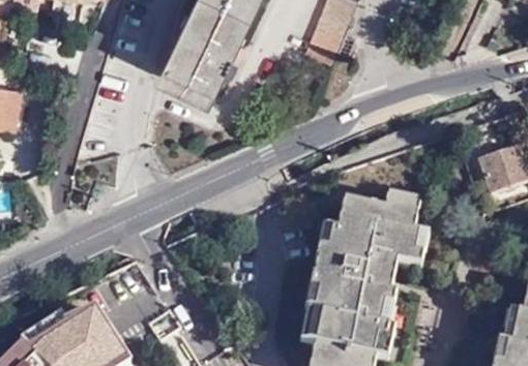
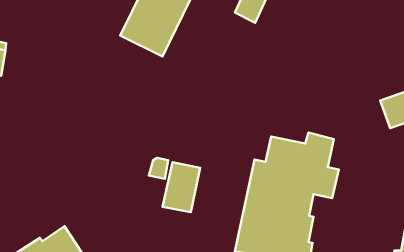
building: none -> [163,162,200,212]

